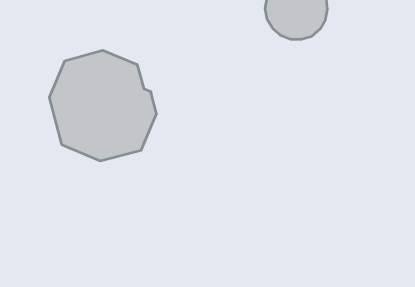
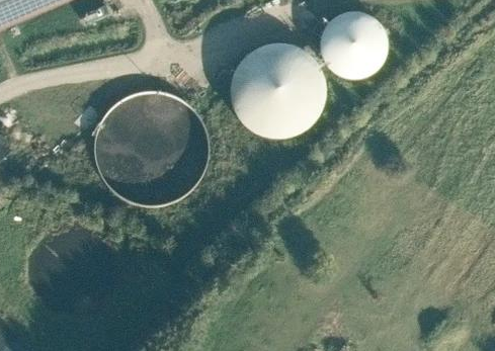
building: none -> [231,43,322,136]

